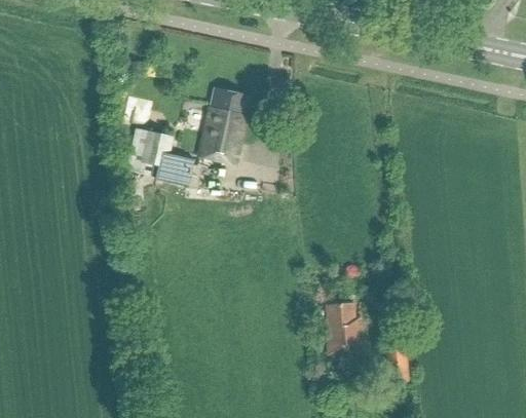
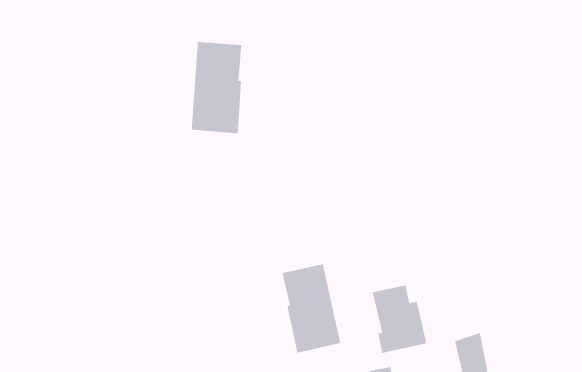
building: [125,125,191,184] -> none
building: none -> [282,264,341,354]

